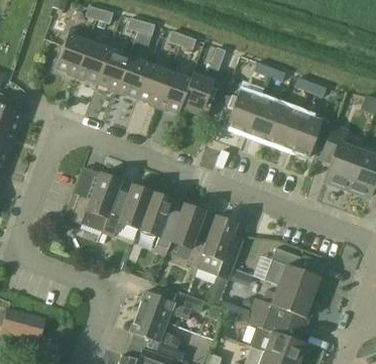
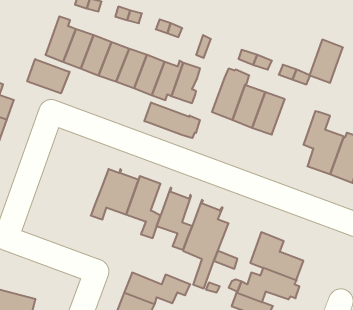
building: none -> [27,59,70,93]
building: [287,112,322,156] -> [309,40,343,83]
building: none -> [144,102,200,138]
building: [70,171,121,231] -> none

